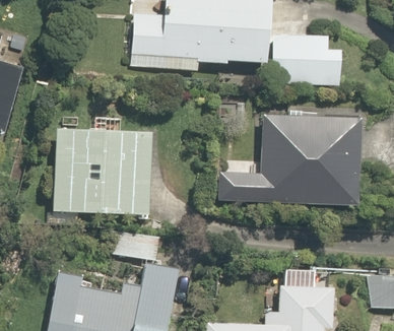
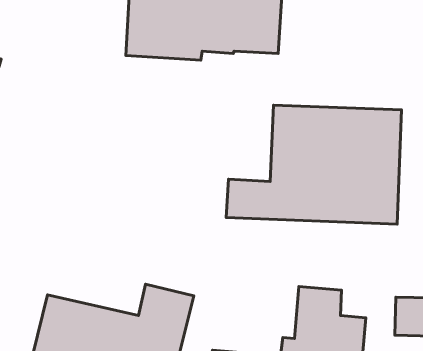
building: [269,32,338,84] -> none
building: [52,124,158,222] -> none

